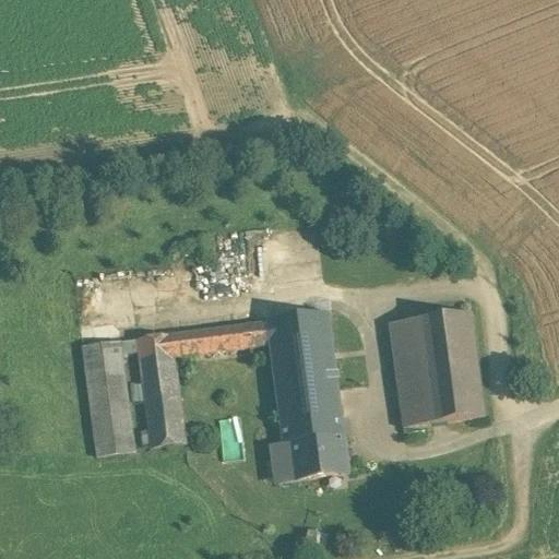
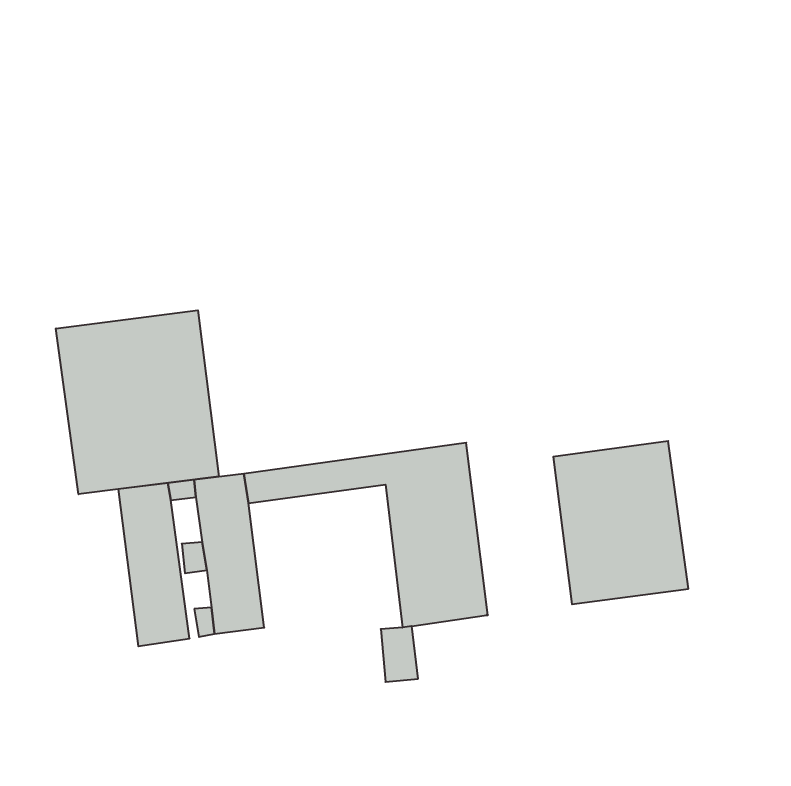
building: none -> [56,310,219,494]
building: [289,432,347,477] -> none

